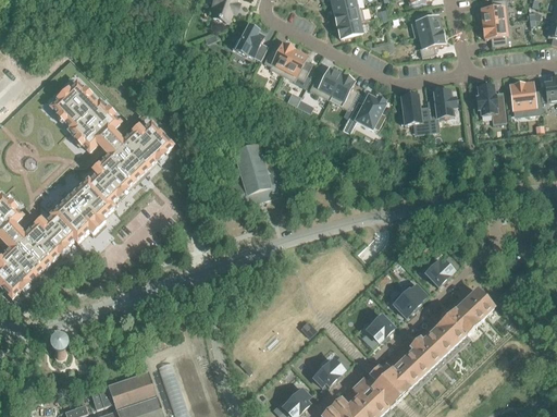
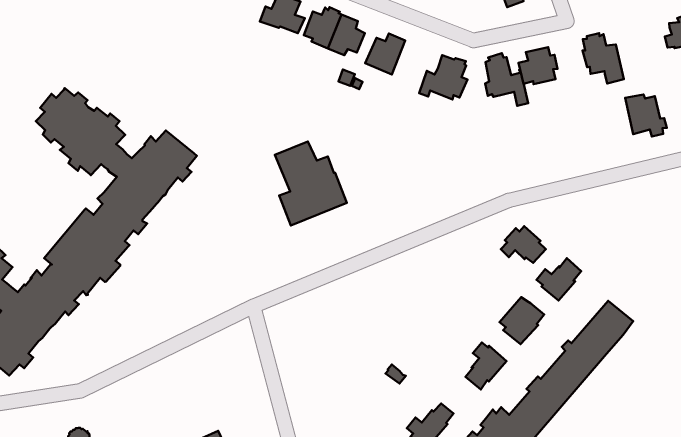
building: [329,74,359,109] -> none
building: [510,82,540,114] -> [625,95,667,136]
building: none -> [501,226,546,263]

